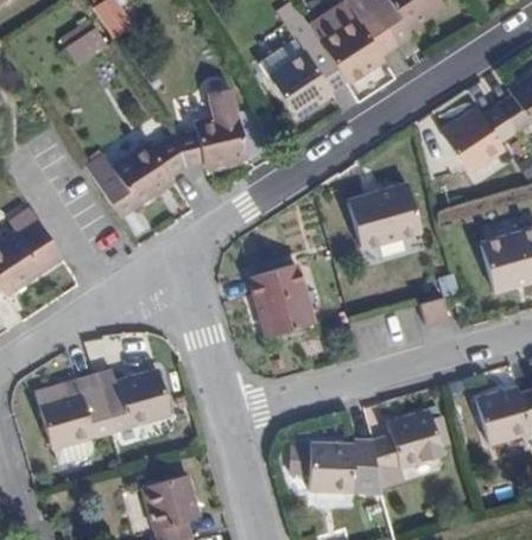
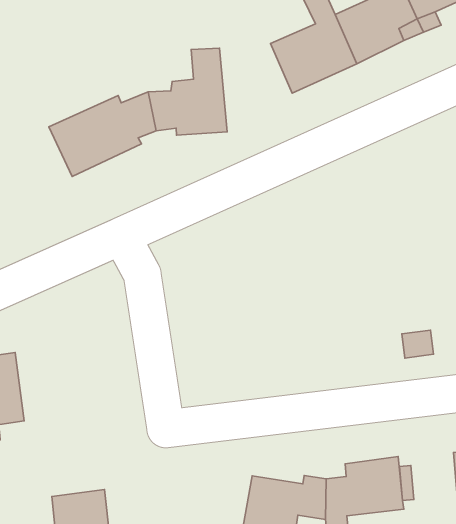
building: [348,185,420,247] -> none
building: [252,263,314,336] -> none
building: [94,367,171,428] -> none

